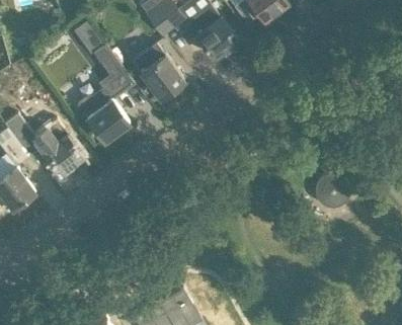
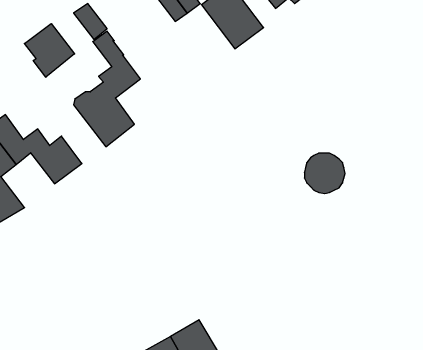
building: none -> [24,24,75,77]
building: [132,44,183,99] -> none
building: [314,175,348,210] -> [304,153,345,194]

